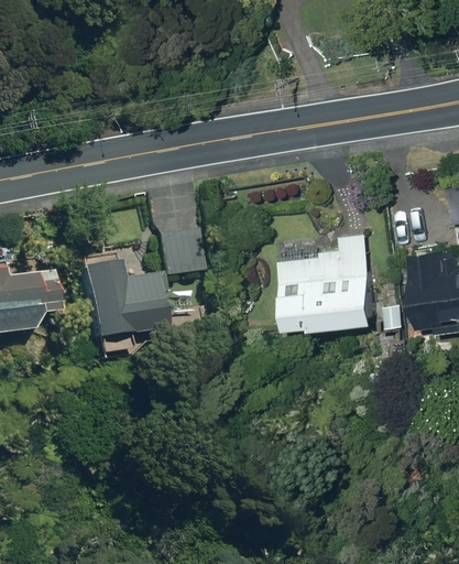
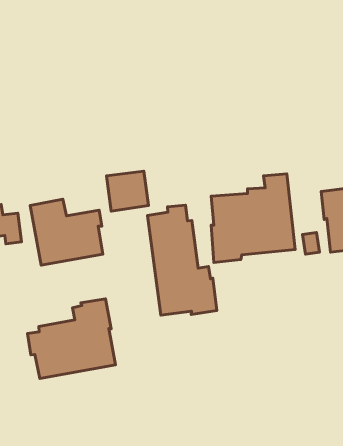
building: none -> [148,205,217,315]
building: none -> [27,299,115,378]

